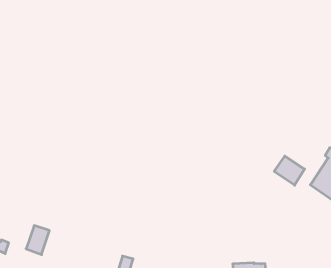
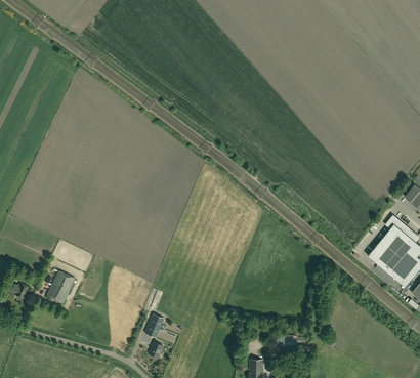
building: [274,156,305,185] -> none

